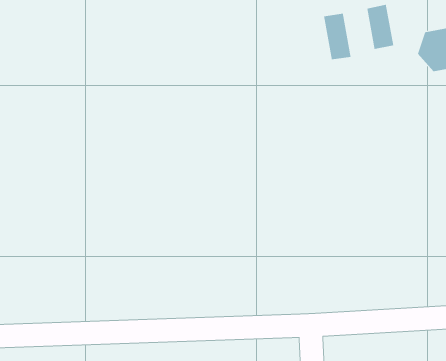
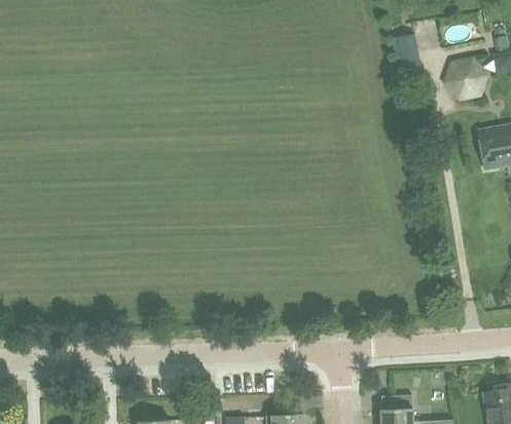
building: [323,13,351,60] -> none

